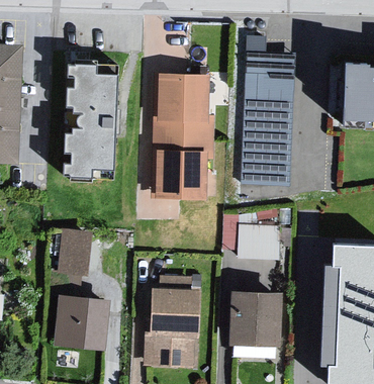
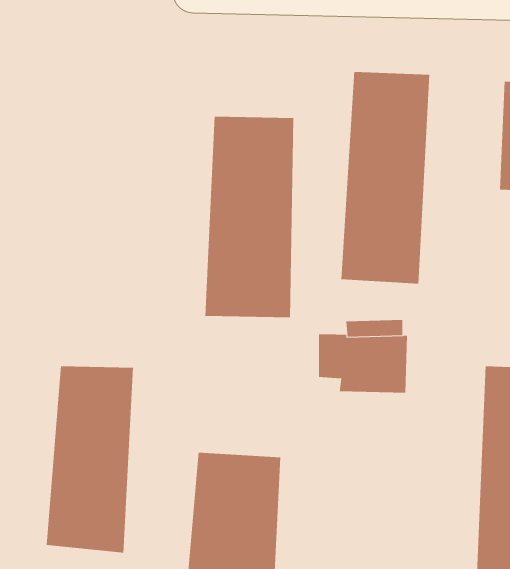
building: [59,72,120,185] -> none
building: [227,293,280,349] -> none

